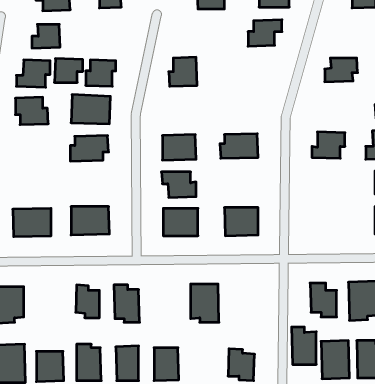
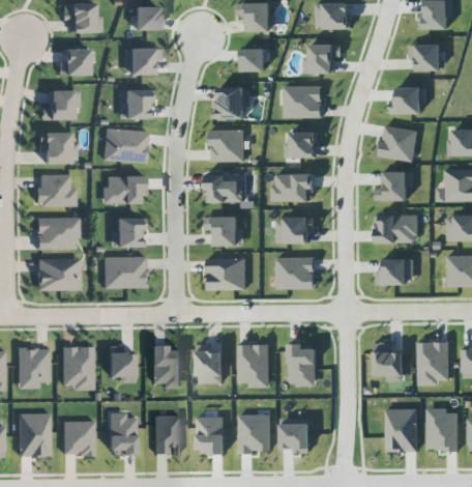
building: none -> [410,44,441,71]
building: none -> [240,48,265,71]
building: none -> [284,85,323,118]
building: [54,59,83,82] -> [128,48,160,75]
building: none -> [380,125,418,162]
building: none -> [210,130,245,162]
building: none -> [286,132,317,157]
building: none -> [34,174,76,206]
building: none -> [376,214,418,242]
building: none -> [35,217,80,250]
building: none -> [276,217,315,244]
building: none -> [111,218,143,247]
building: none -> [376,258,414,284]
building: none -> [197,345,224,383]
building: none -> [61,346,94,390]
building: [292,327,316,364] -> [289,343,317,385]
building: none -> [239,414,271,452]

